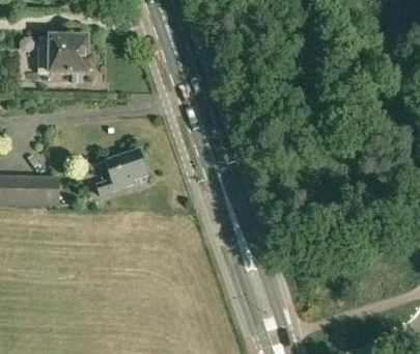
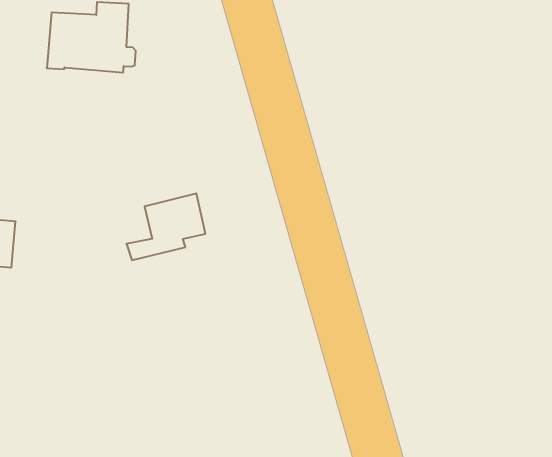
building: [22,174,58,206] -> none

